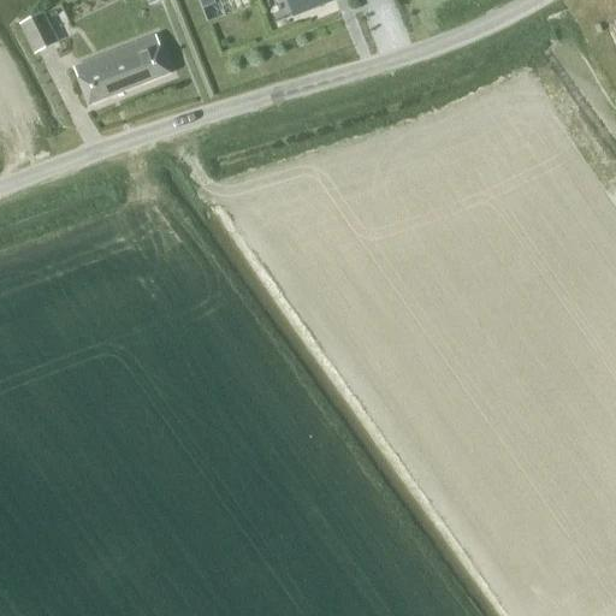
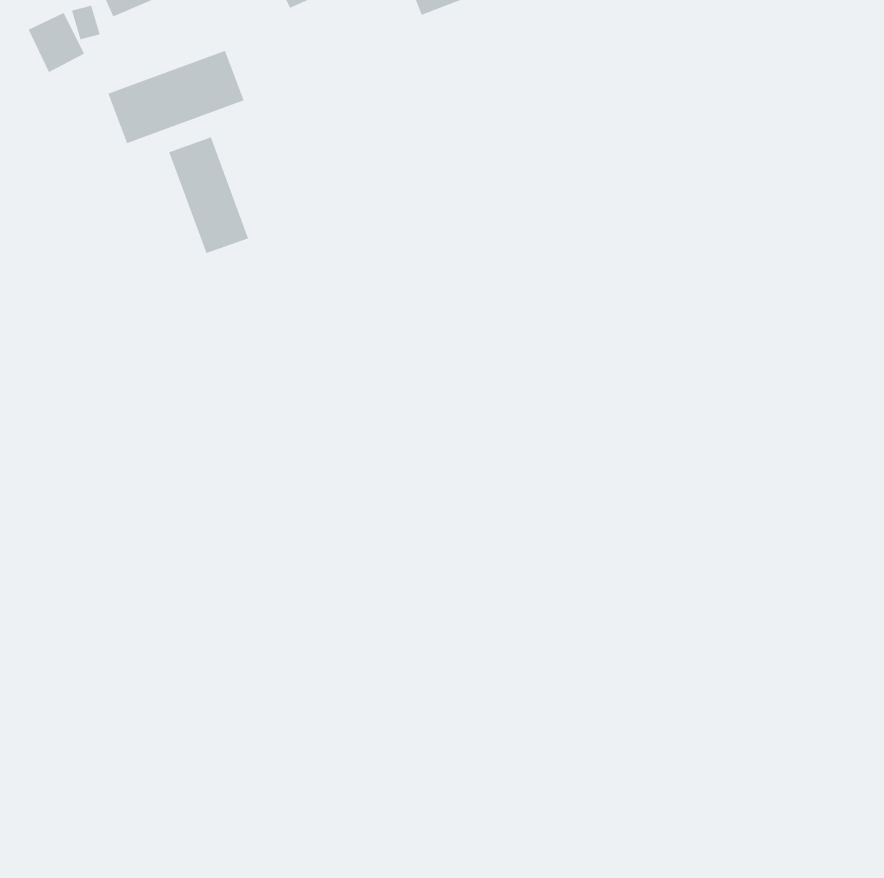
building: none -> [169,137,249,254]

